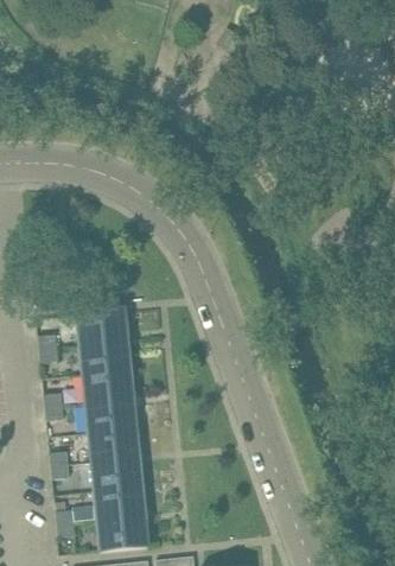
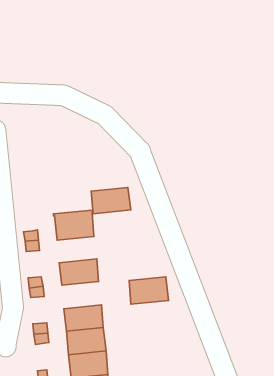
building: [81,342,130,375] -> [91,187,131,214]
building: [87,399,136,433] -> [129,277,169,304]

